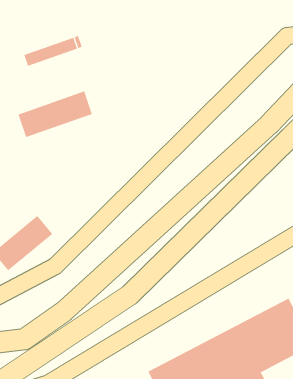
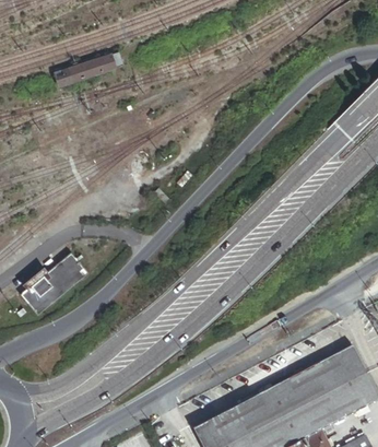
building: [18,91,93,138] -> none

